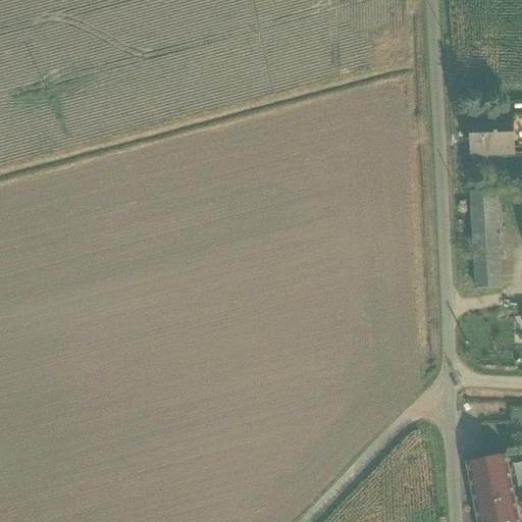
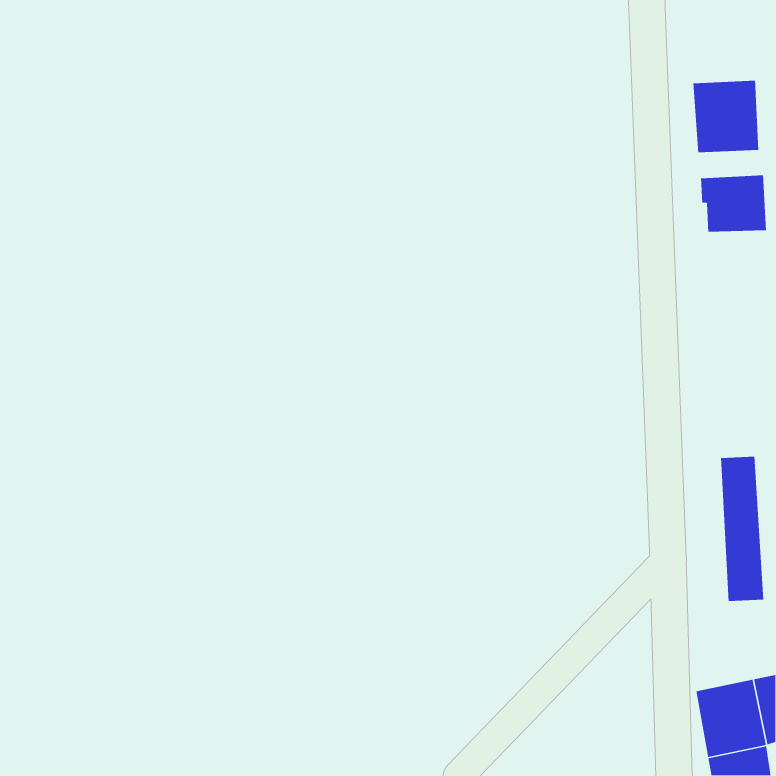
building: none -> [693,80,759,153]
building: [471,193,501,291] -> [720,456,764,602]

